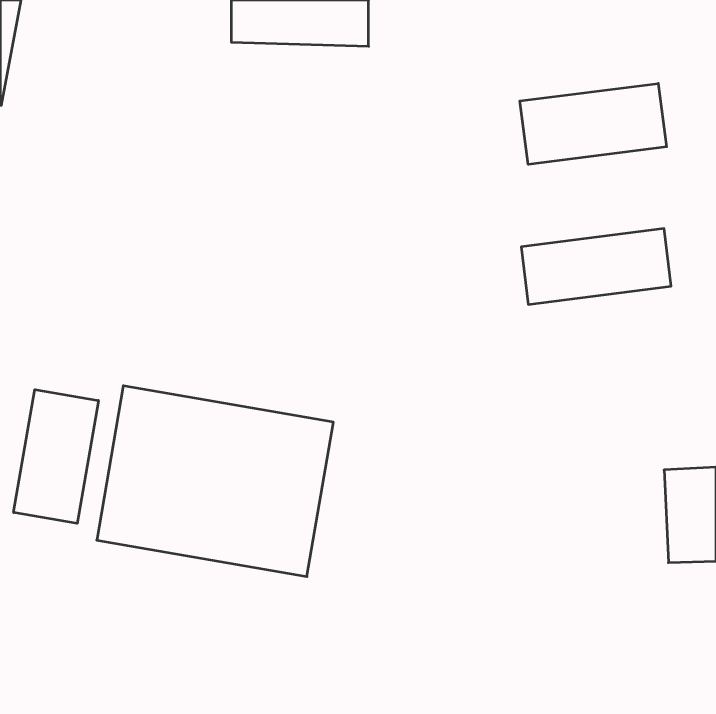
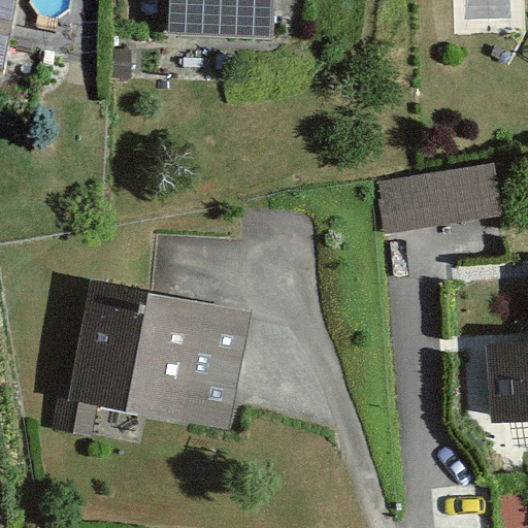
building: [520,83,667,164] -> none
building: [14,390,98,523] -> none

